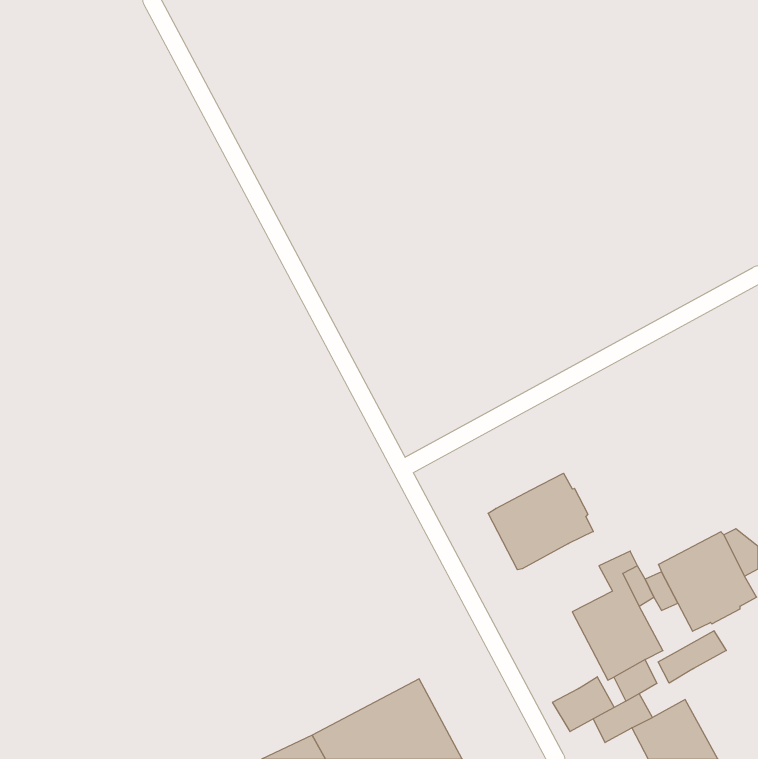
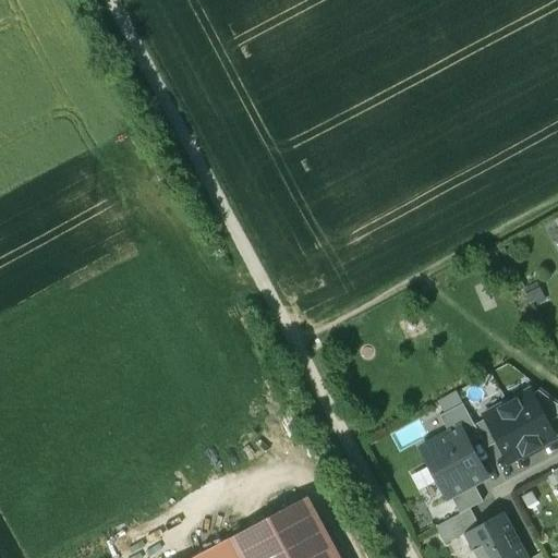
building: [488,473,593,570] -> none
building: [658,631,726,683] -> none
building: [553,677,614,732] -> none

